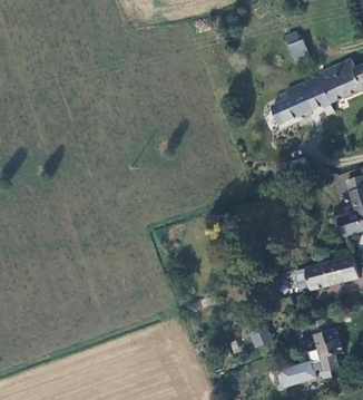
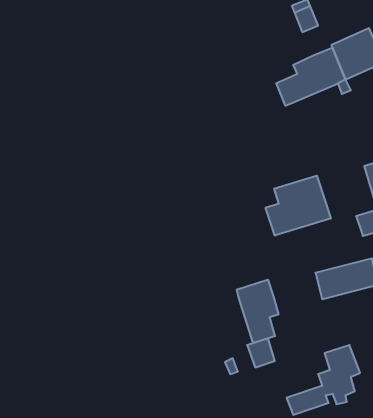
building: none -> [266,176,331,236]
building: none -> [237,280,278,343]

